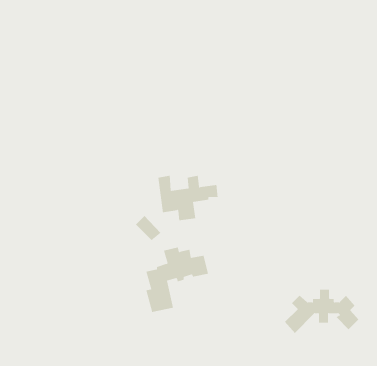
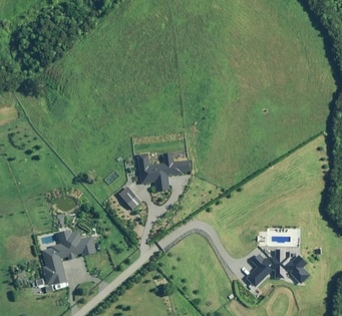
building: [146,247,209,313] -> [42,229,96,285]

